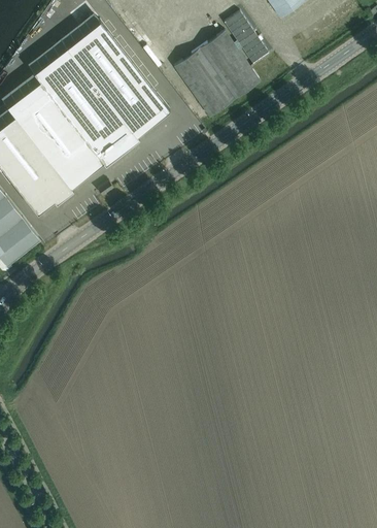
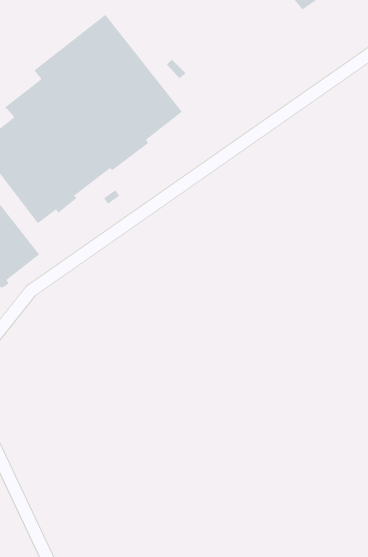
building: [226,13,270,65] -> none
building: [174,31,261,118] -> none

